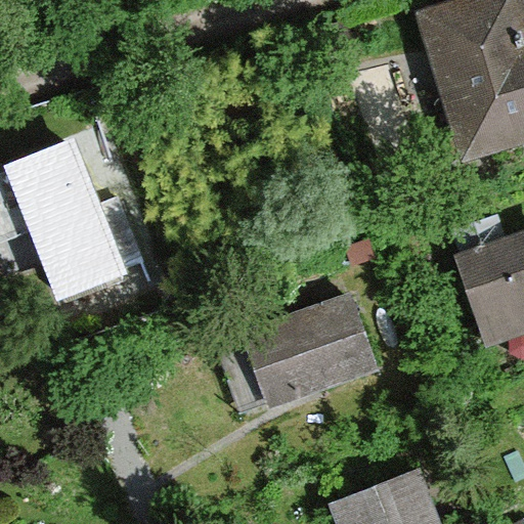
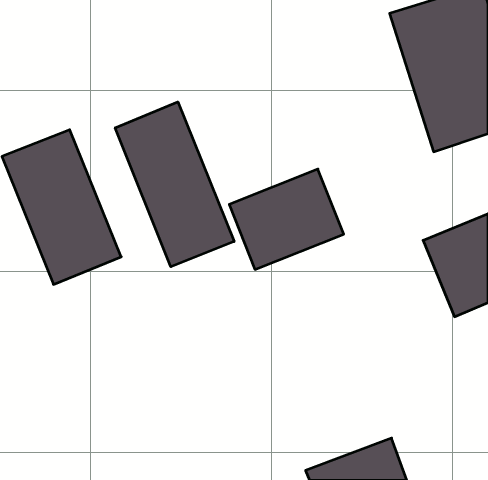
building: none -> [115,102,234,267]
building: [245,296,367,403] -> [229,169,344,269]

